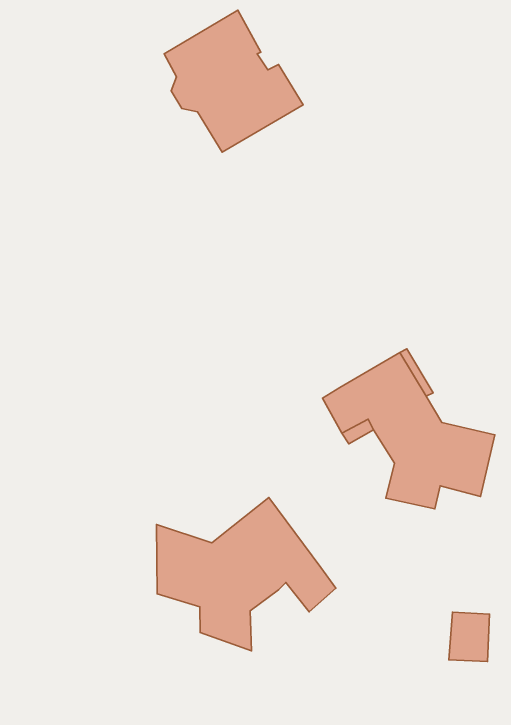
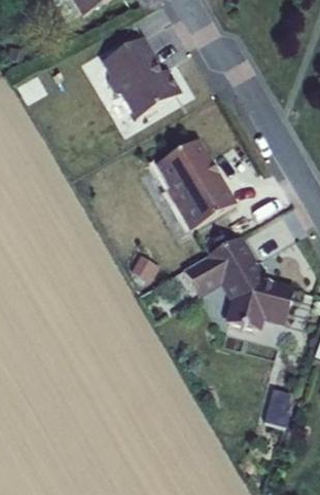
building: none -> [157,138,236,228]
building: [157,498,336,651] -> none

